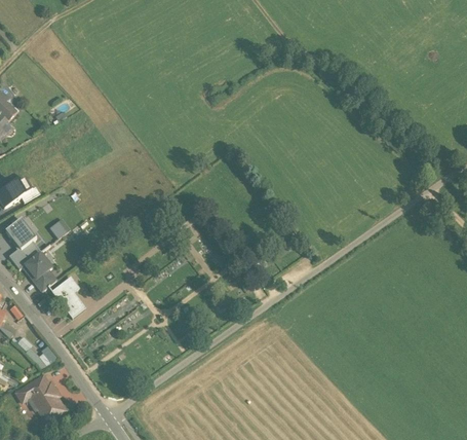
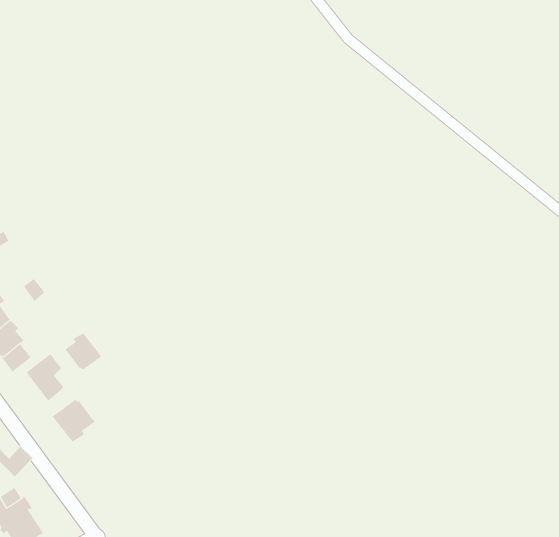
building: none -> [64,332,102,371]
building: none -> [52,399,96,442]

